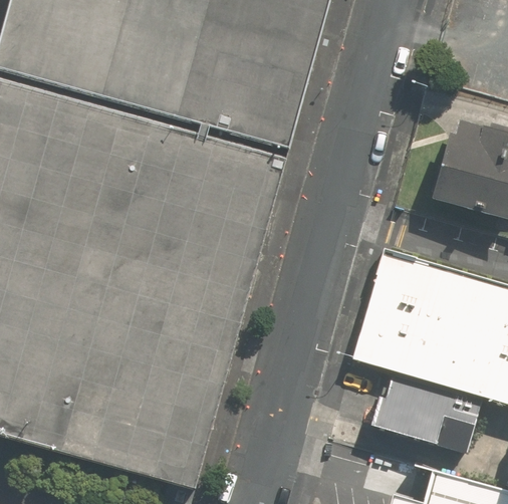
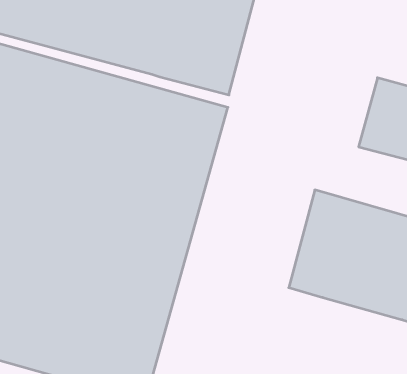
building: [367,370,482,452] -> none

